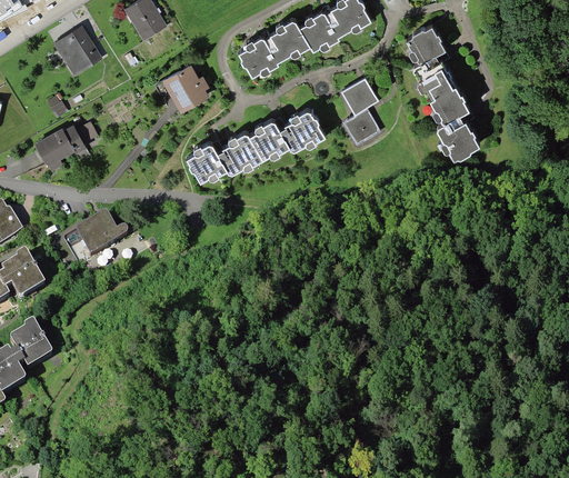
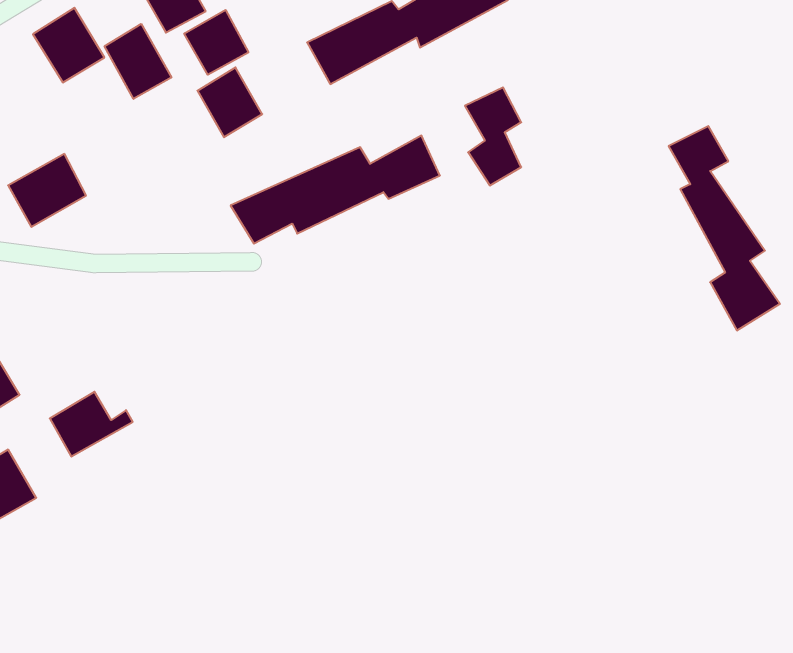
building: [406,24,480,161] -> [669,126,780,330]
building: none -> [184,10,248,75]
building: none -> [105,24,171,99]
building: [76,215,131,258] -> [50,392,133,457]

